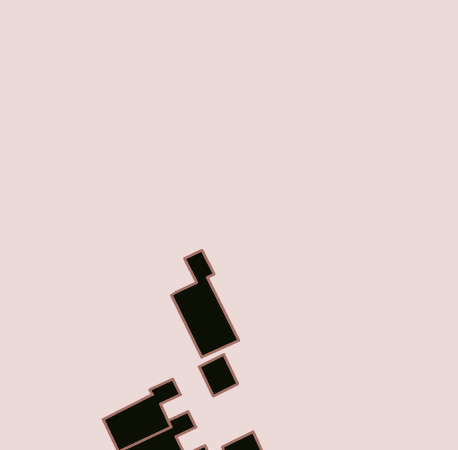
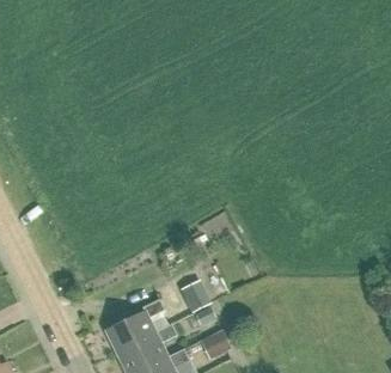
building: [171,250,239,357] -> none

